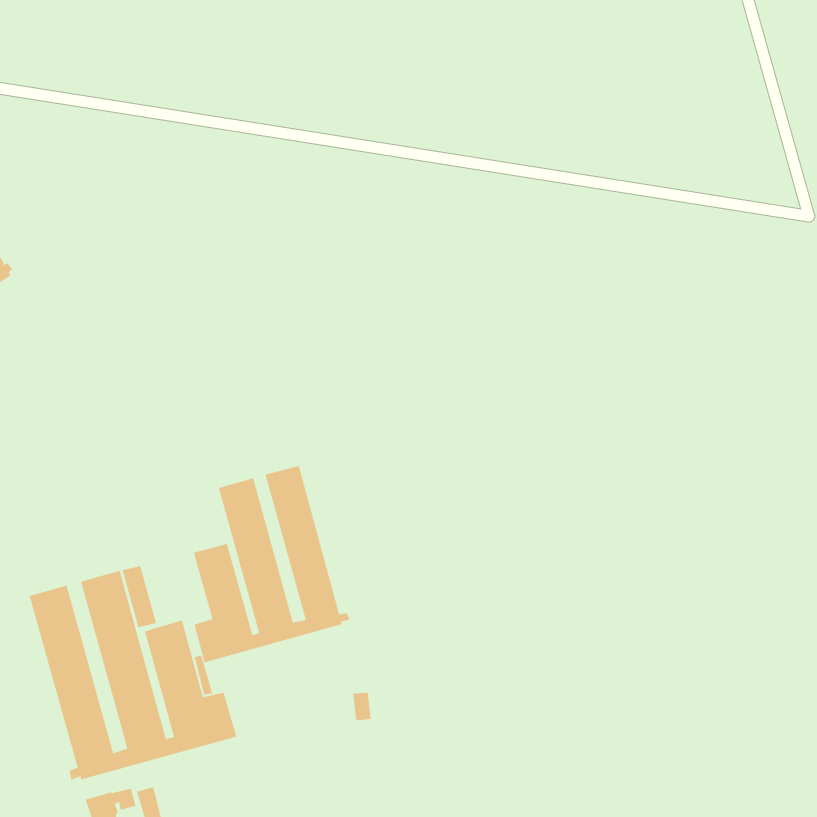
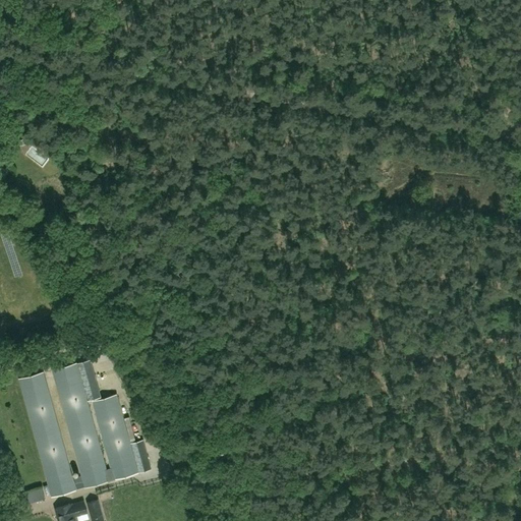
building: [193,465,350,663] -> none

